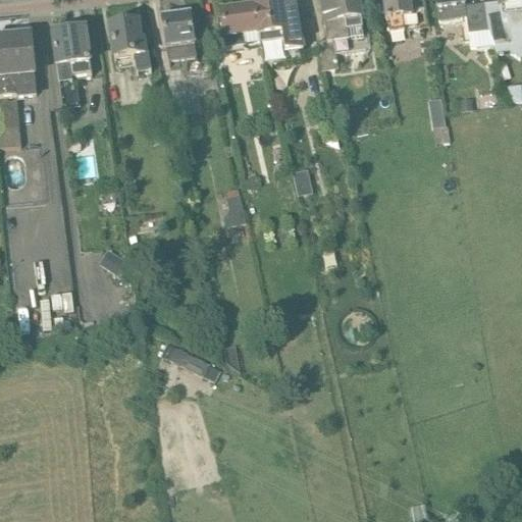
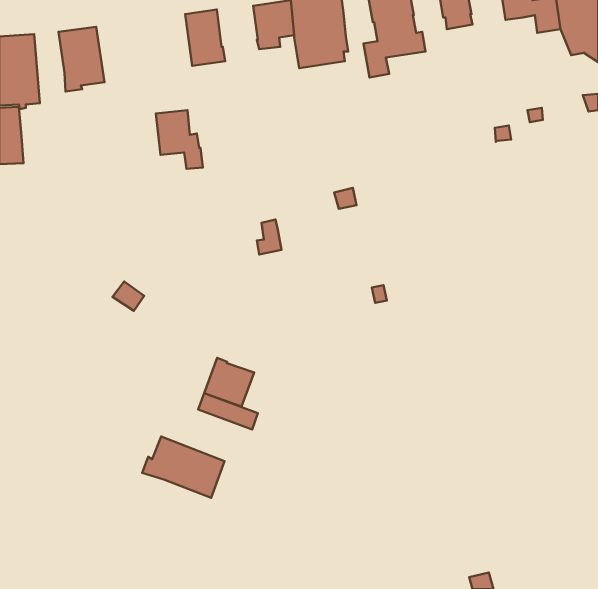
building: [109,16,150,67] -> [156,110,203,169]
building: none -> [204,358,254,407]
building: none -> [142,436,225,498]

